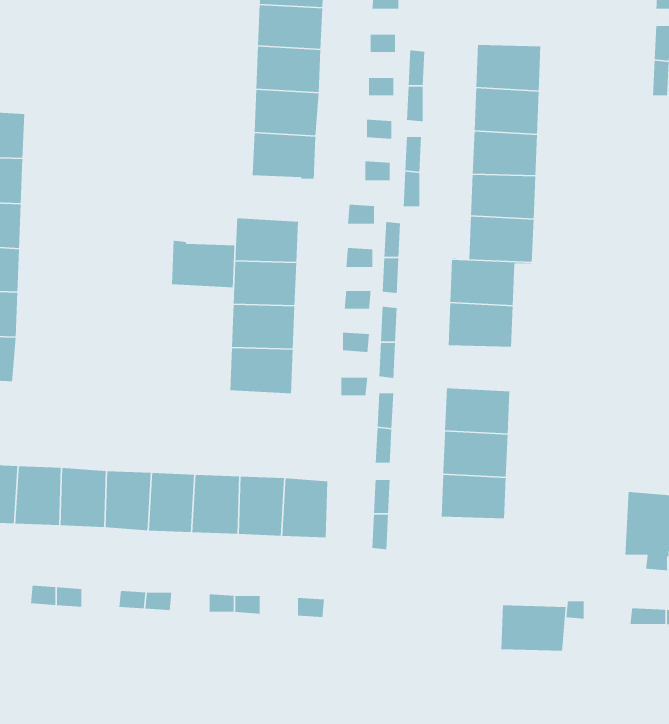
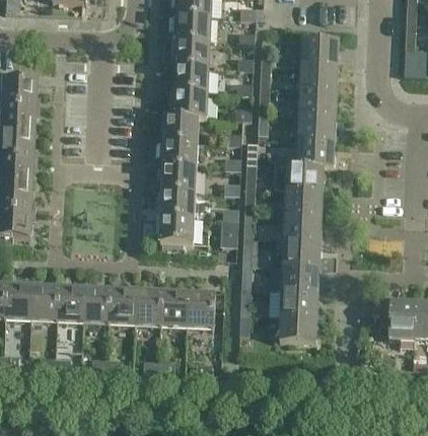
building: [171,240,235,288] -> [160,113,198,141]
building: none -> [283,214,322,240]
building: [501,605,566,651] -> [279,314,317,342]

